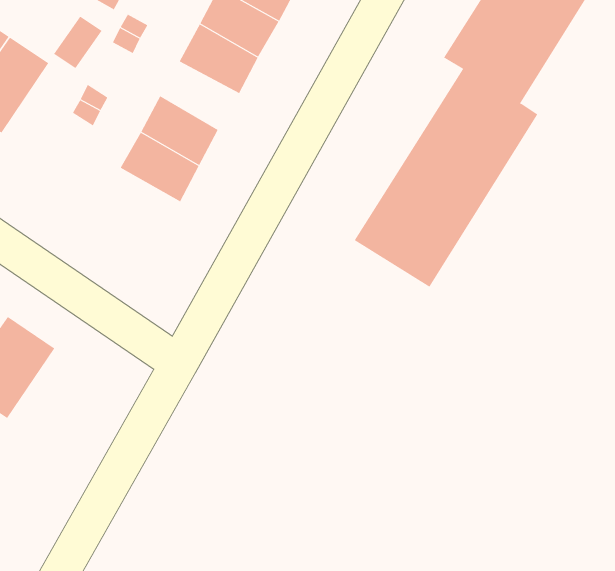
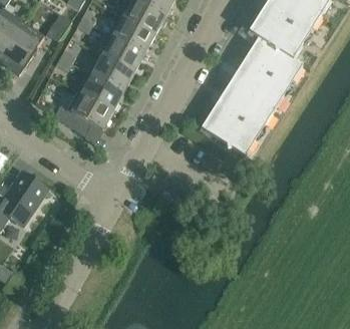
building: none -> [101,36,143,72]
building: none -> [53,89,112,135]

